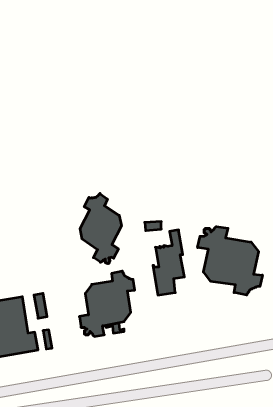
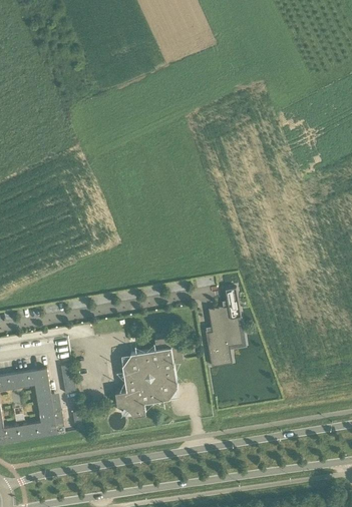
building: [80,193,121,264] -> none
building: [198,227,262,295] -> none

